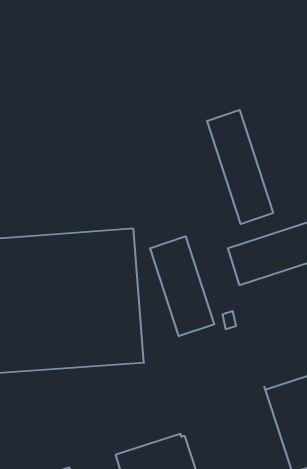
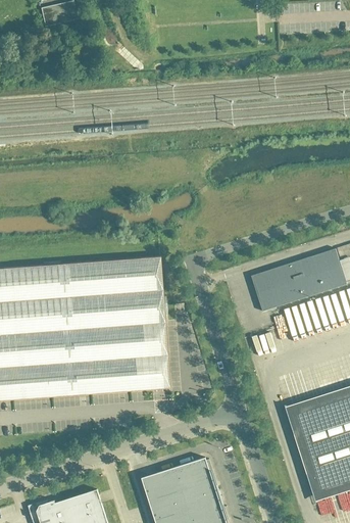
building: [207,110,273,224] -> none
building: [150,236,214,336] -> none

